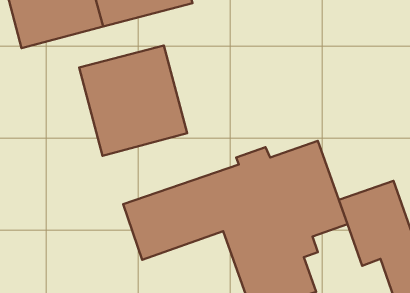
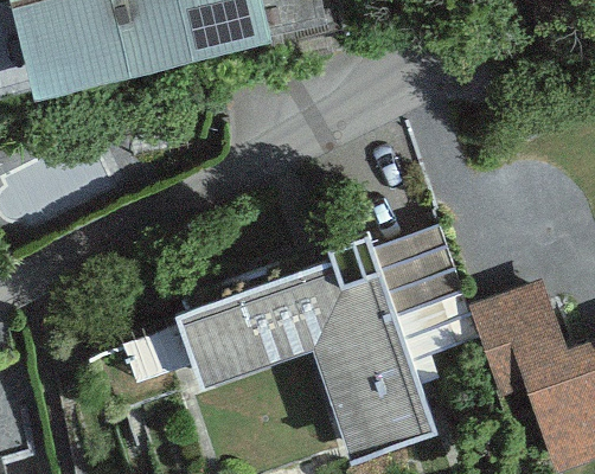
building: [79,46,187,156] -> none

